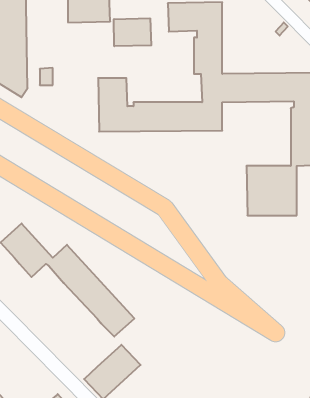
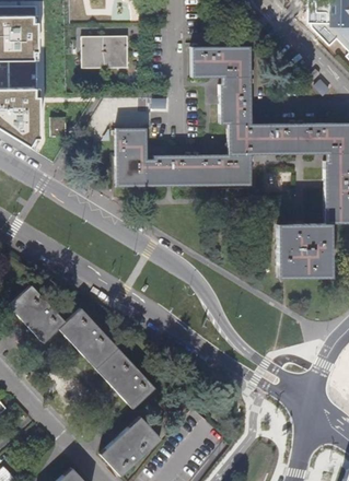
building: [114,18,151,46] -> none

